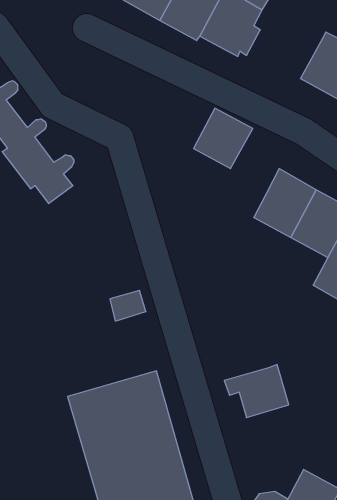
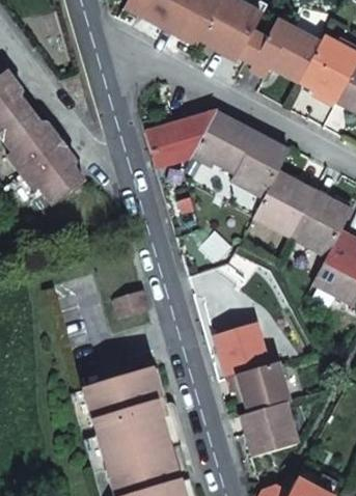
building: none -> [247,19,322,81]
building: none -> [145,110,216,168]
building: none -> [231,130,290,193]
building: none -> [214,323,269,377]
building: none -> [240,402,297,456]

